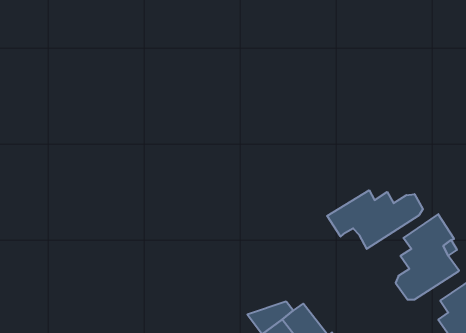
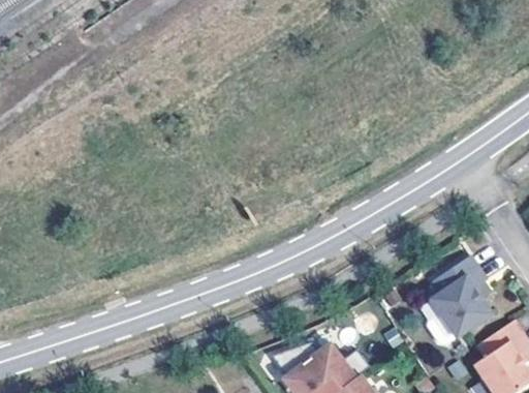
building: [327,190,423,249] -> none

